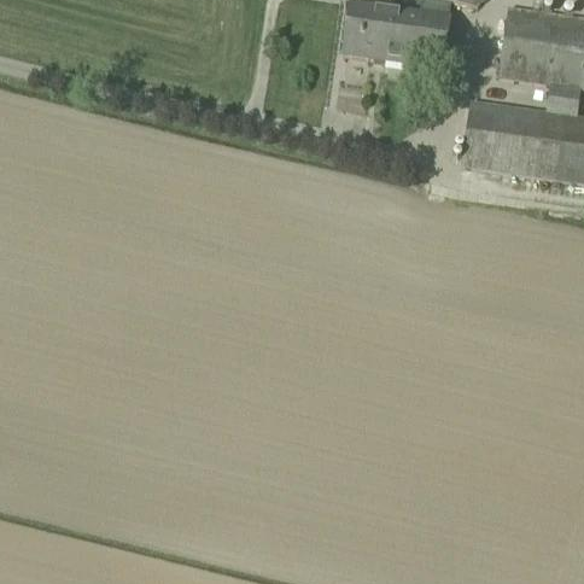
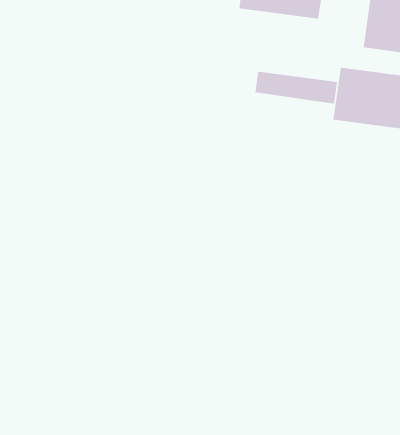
building: [343,28,445,69] -> [255,71,338,104]

